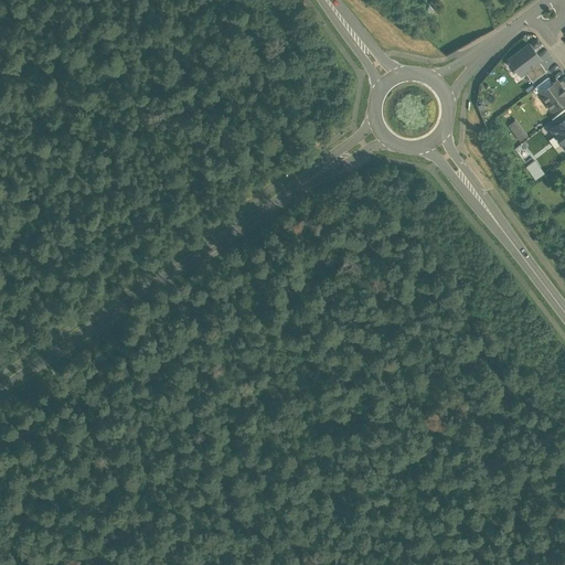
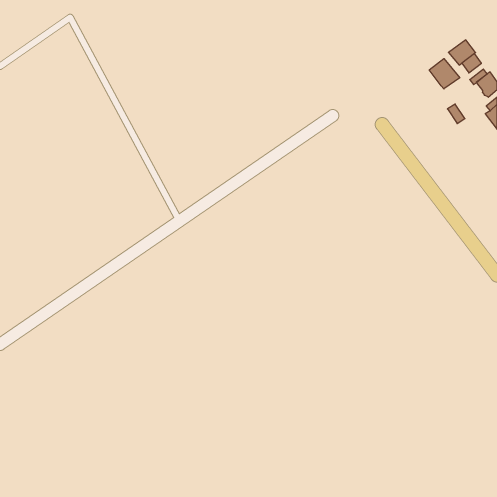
building: none -> [429,59,460,89]

